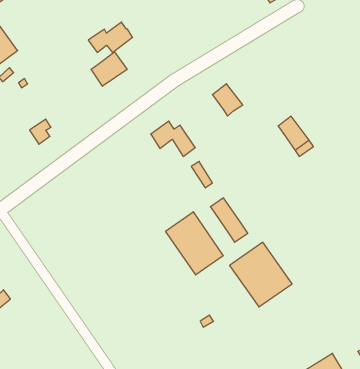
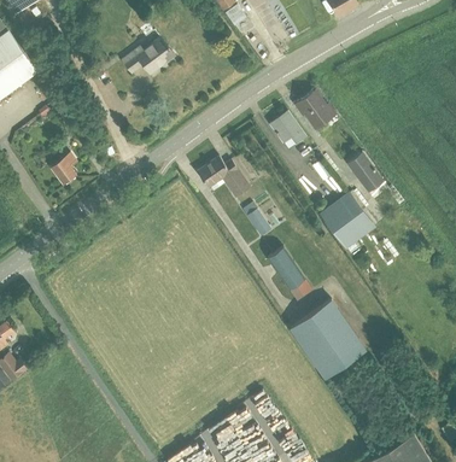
building: [91,52,127,86] -> none
building: none -> [297,90,333,128]
building: none -> [320,192,373,247]
building: [166,212,223,275] -> none

